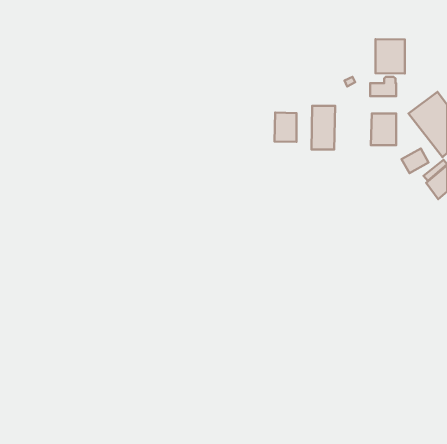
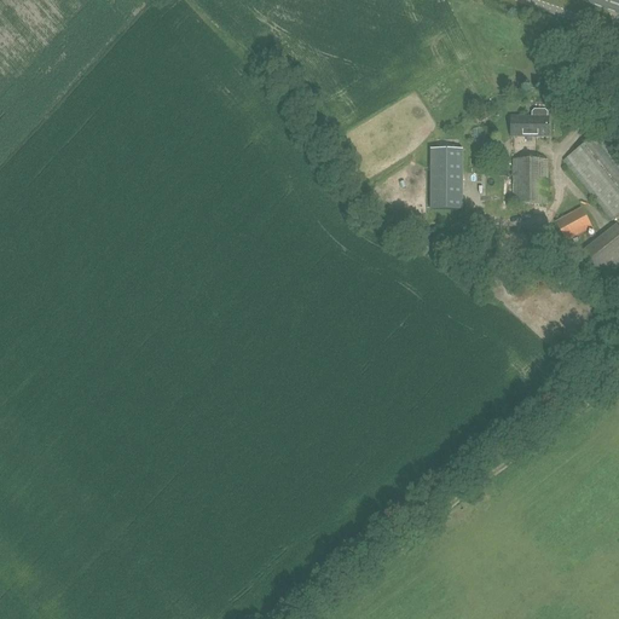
building: [376,39,405,74] -> none
building: [275,113,297,142] -> none

